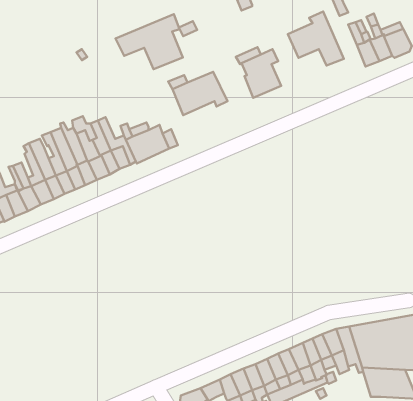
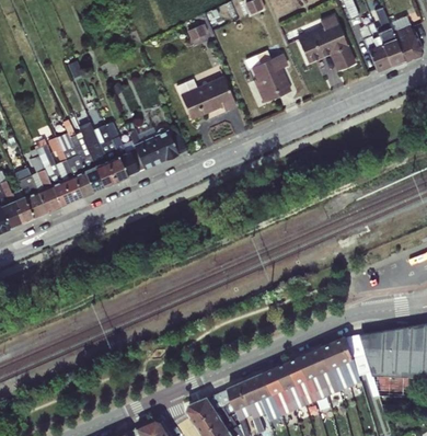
building: [116,14,183,69] -> none

